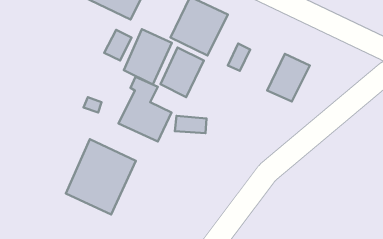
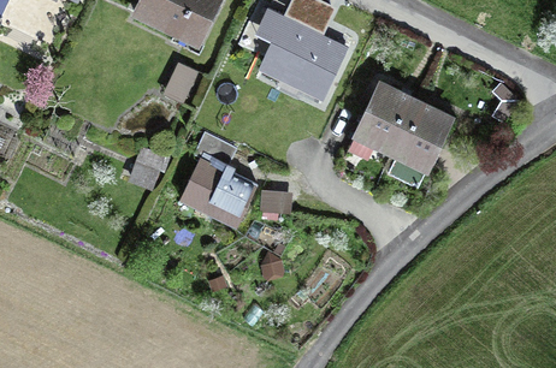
building: [124,29,172,84] -> none
building: [160,48,204,97] -> [355,81,416,150]
building: [66,139,136,214] -> none

